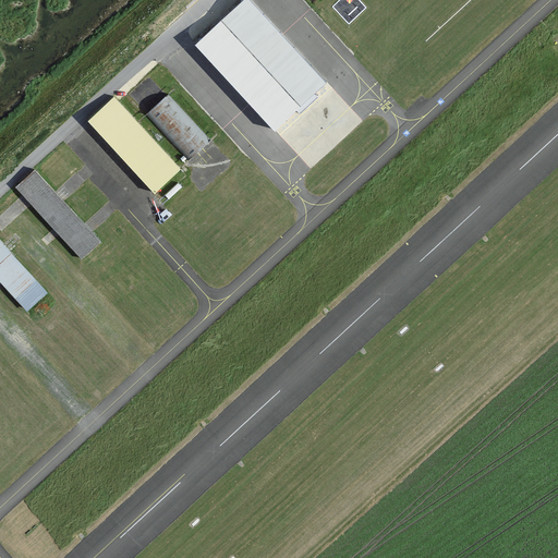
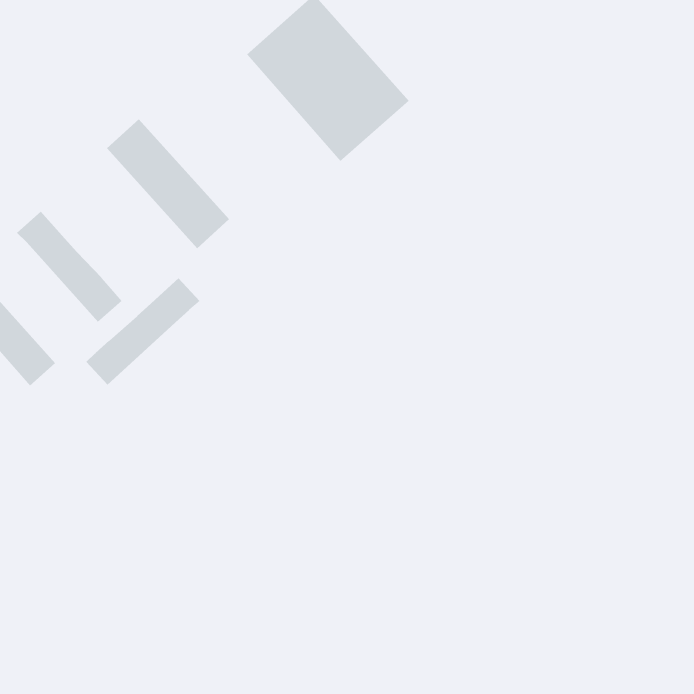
building: [145,94,208,158] -> none
building: none -> [86,278,200,386]

